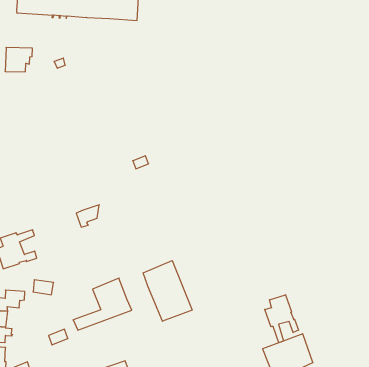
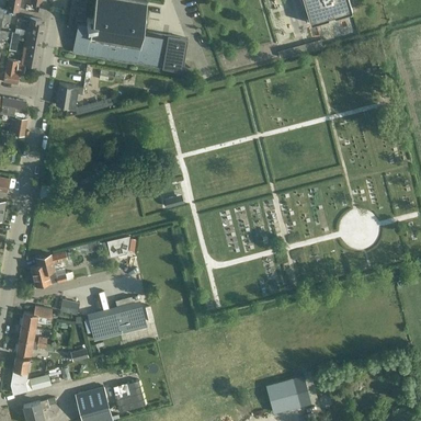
building: [143,261,192,321] -> none
building: none -> [90,314,121,340]
building: [265,295,298,343] -> none

